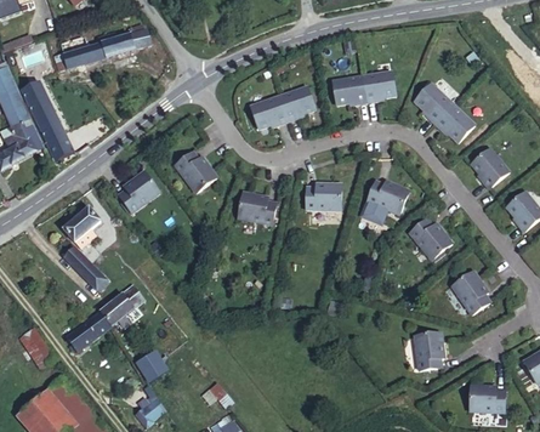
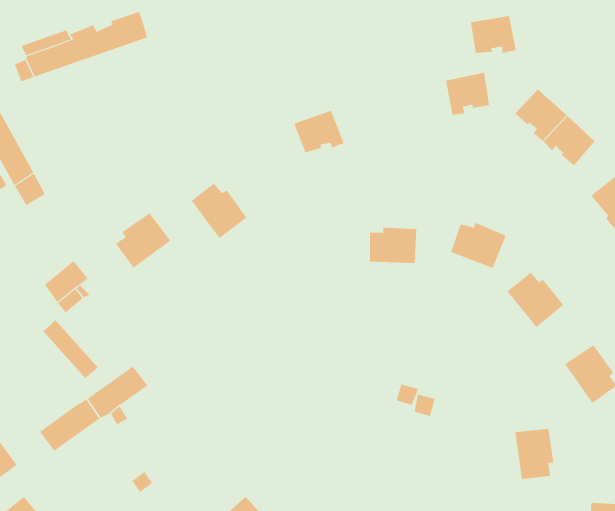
building: [335,75,369,103] -> [470,16,517,54]
building: [280,86,317,121] -> none
building: [240,191,279,224] -> none

